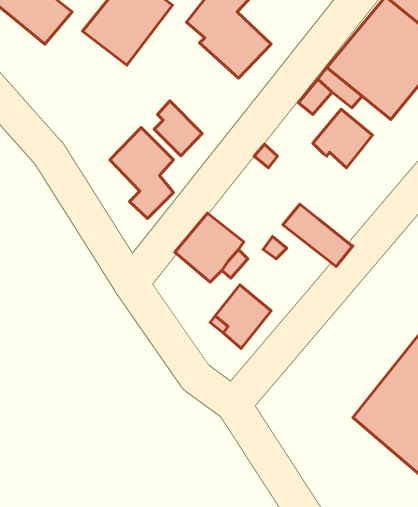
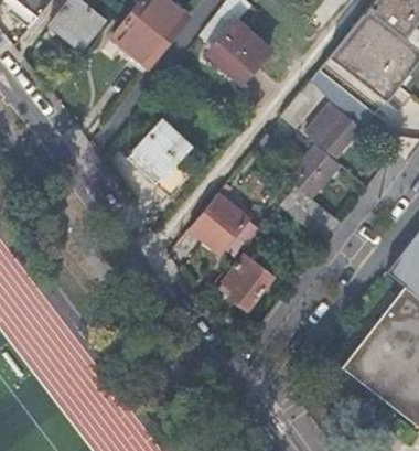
building: [154,101,202,156] -> none
building: none -> [288,141,342,196]

